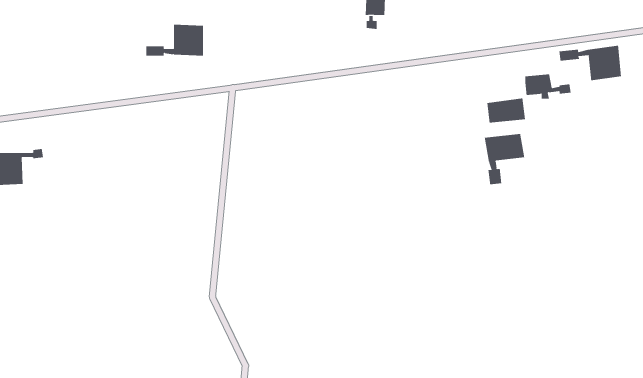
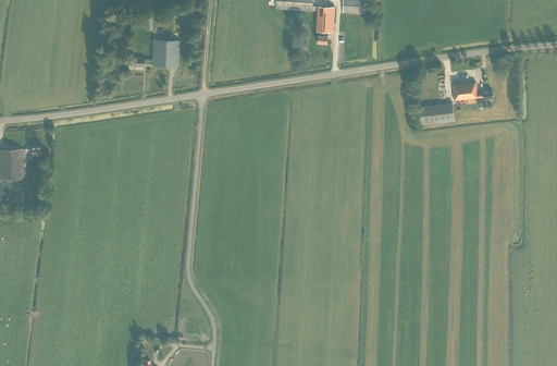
building: [559,45,622,81] -> none
building: [484,133,525,185] -> none

